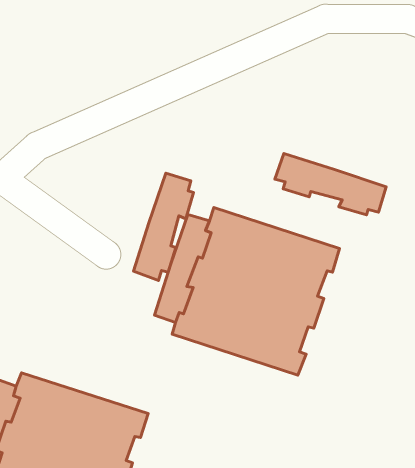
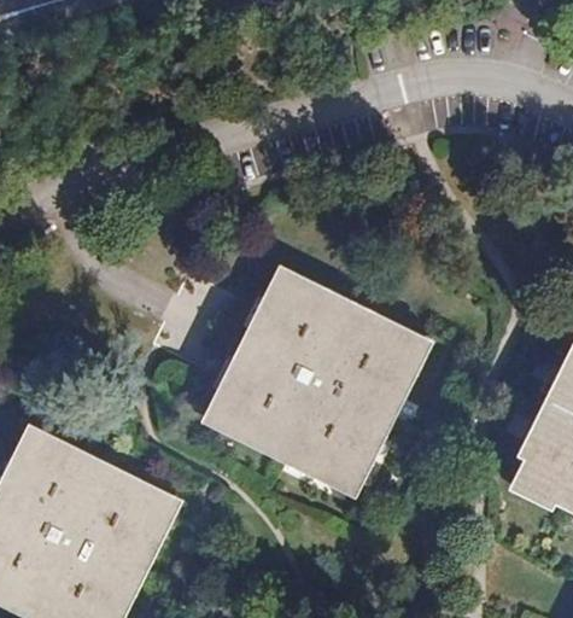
building: [275,154,386,215] -> none
building: [133,173,193,280] -> none

